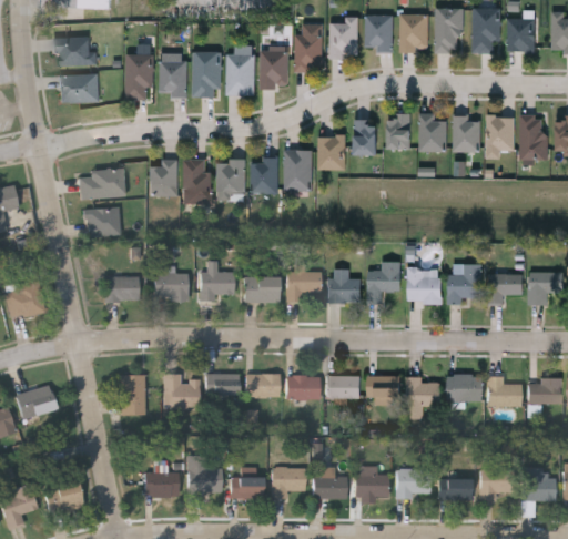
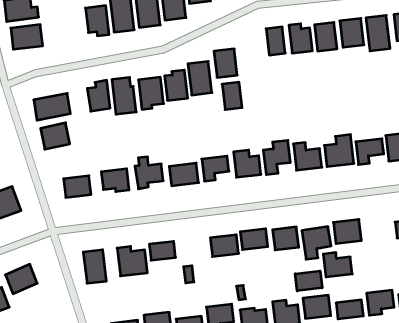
building: [124,53,152,99] -> none
building: [355,121,377,154] -> [222,82,242,110]
building: [244,375,278,398] -> none
building: [486,377,520,407] -> [323,253,352,277]
building: none -> [295,271,322,291]

